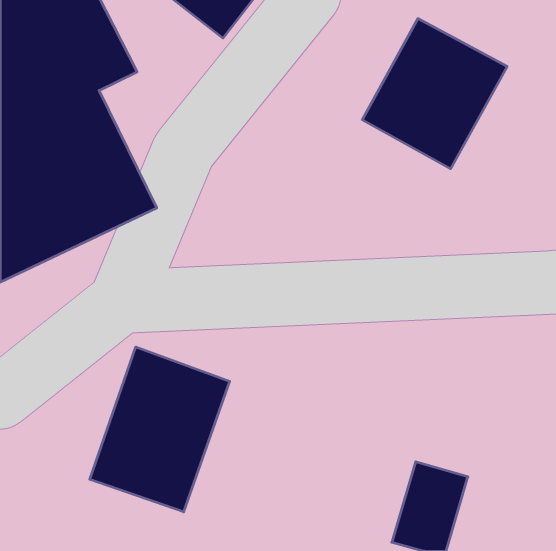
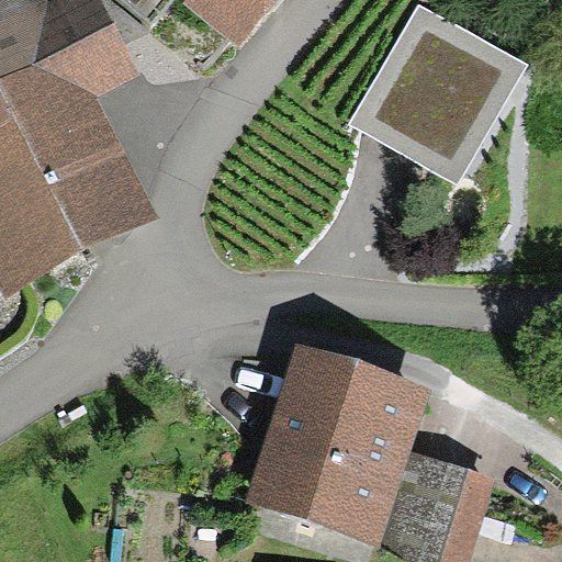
building: [90,347,230,512] -> none
building: none -> [246,362,414,542]

